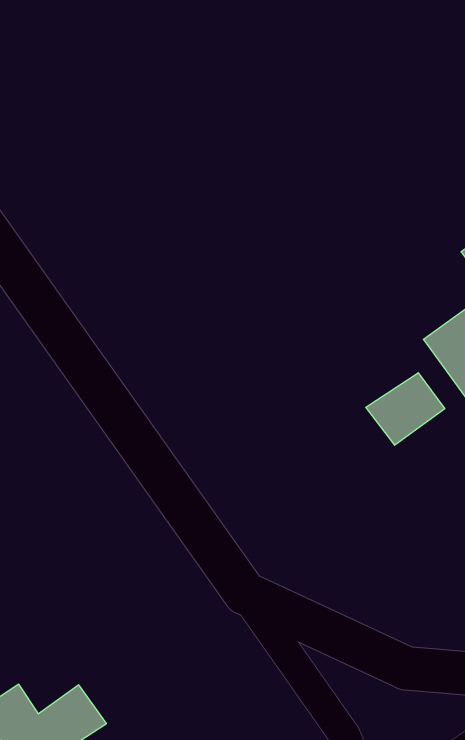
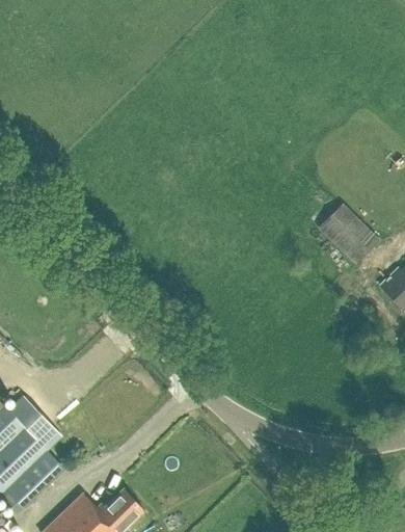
building: [366,373,445,445] -> none

